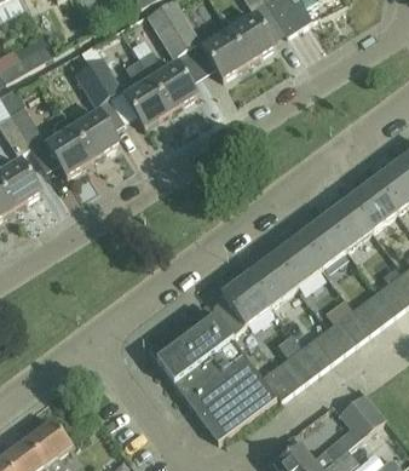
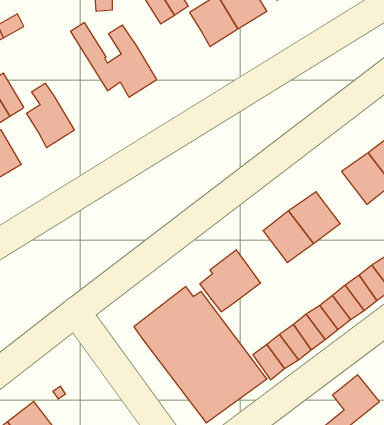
building: [138,50,197,110] -> none
building: [73,64,123,159] -> none
building: [323,199,371,248] -> none
building: [247,255,295,305] -> none

